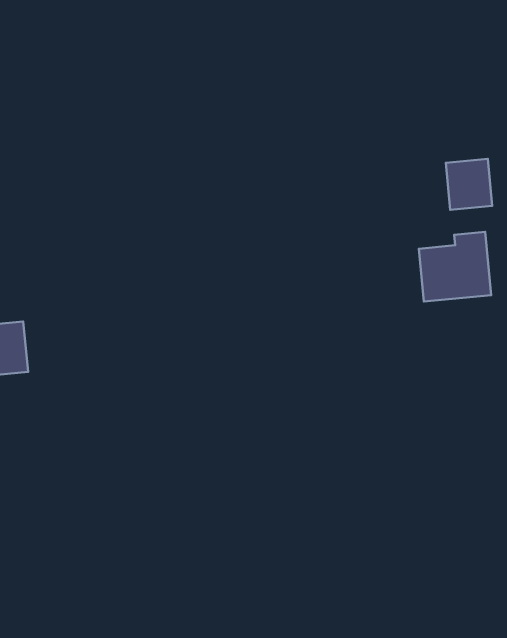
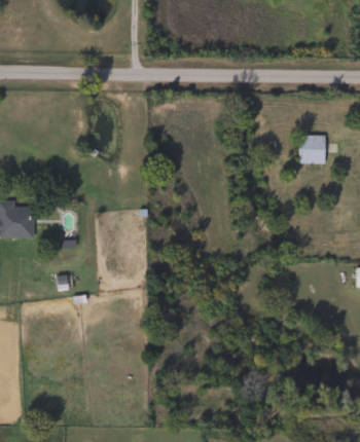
building: [419,232,491,302] -> none

